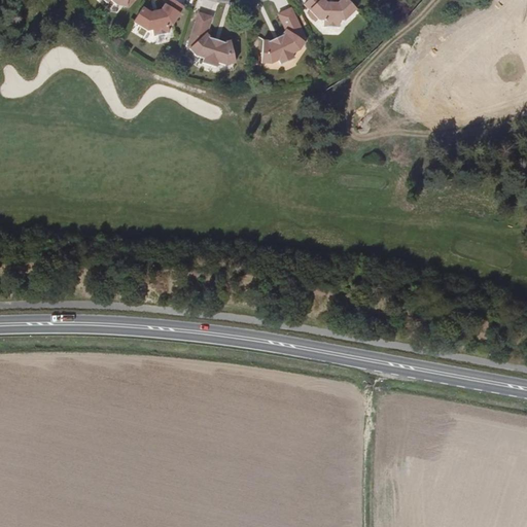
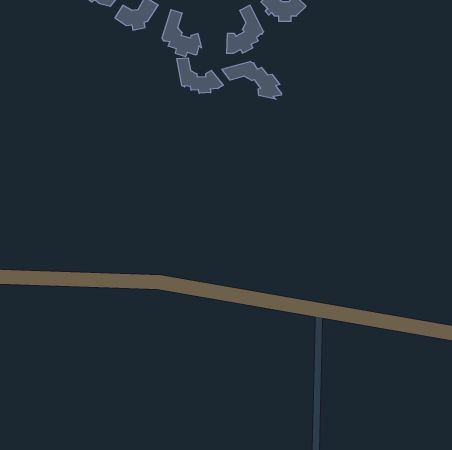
building: none -> [177,58,223,93]
building: none -> [222,61,282,99]

